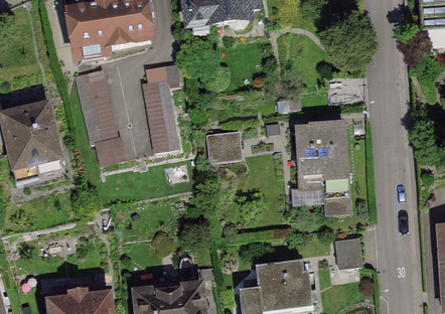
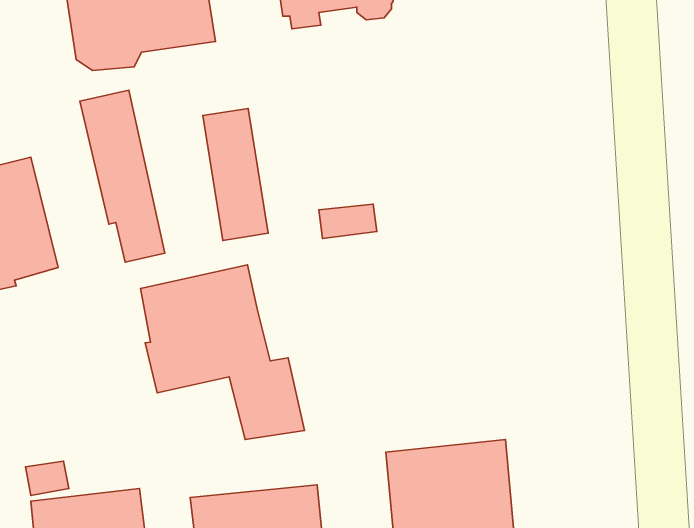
building: [296,120,350,208] -> none
building: none -> [140,265,305,440]
building: [335,238,363,277] -> none

